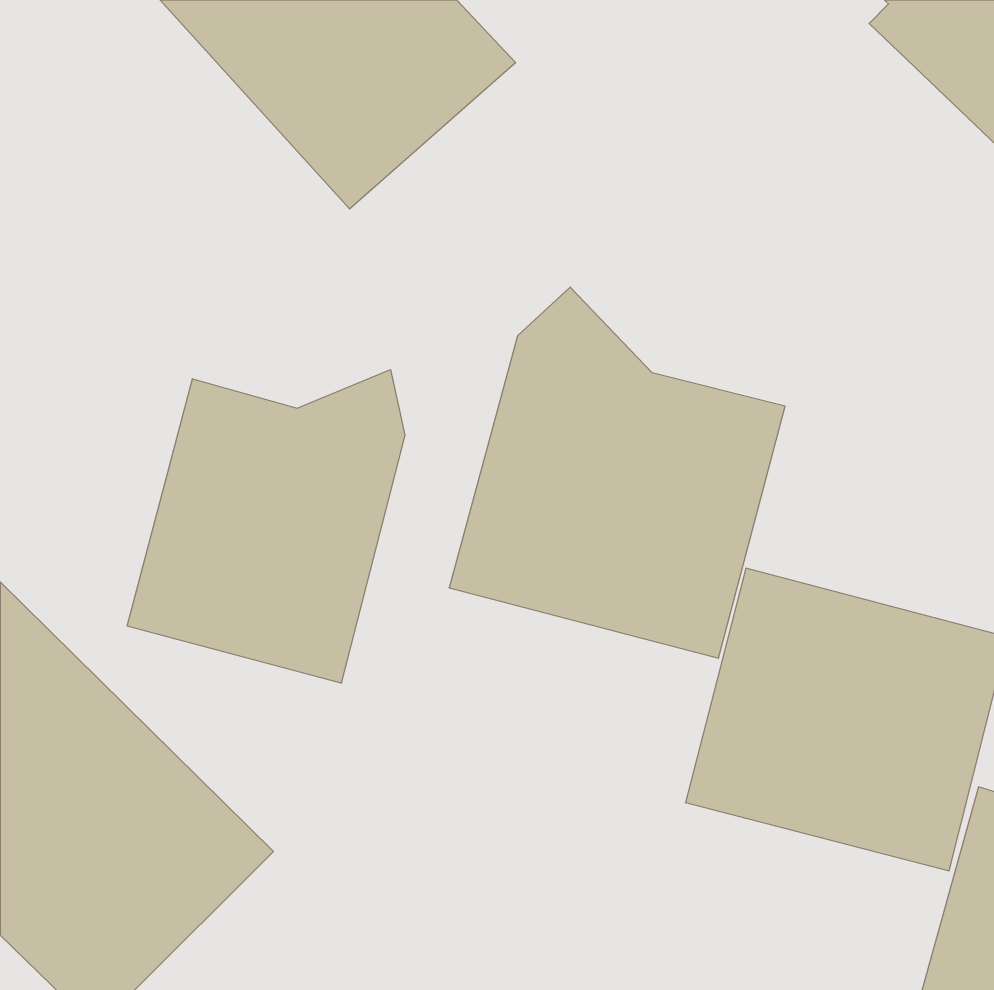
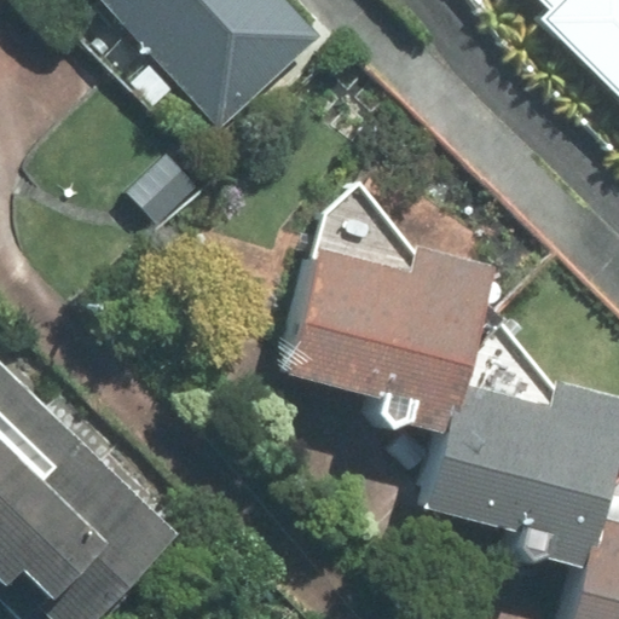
building: [127,370,405,683] -> none

